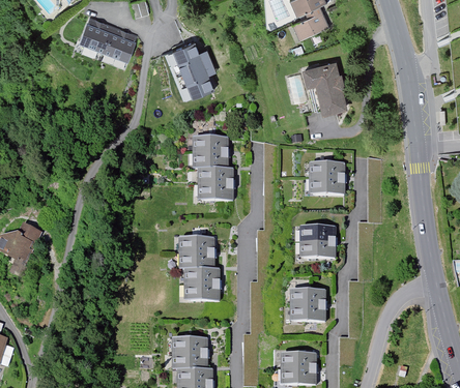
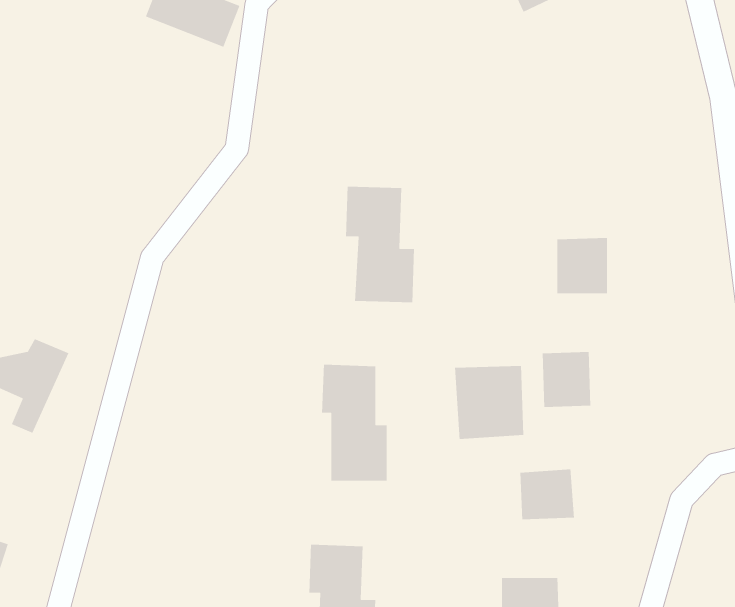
building: [174,41,215,97] -> none
building: [299,59,343,113] -> none
building: none -> [454,365,524,440]

